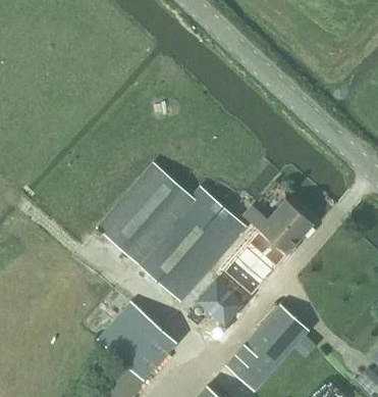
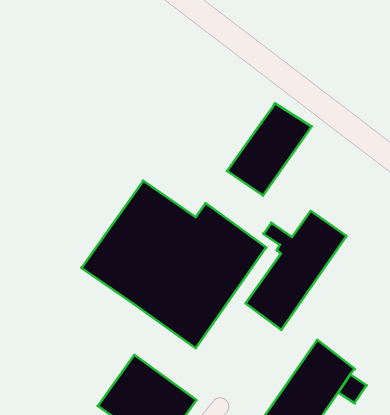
building: none -> [227,103,312,196]
building: [197,280,244,326] -> none

